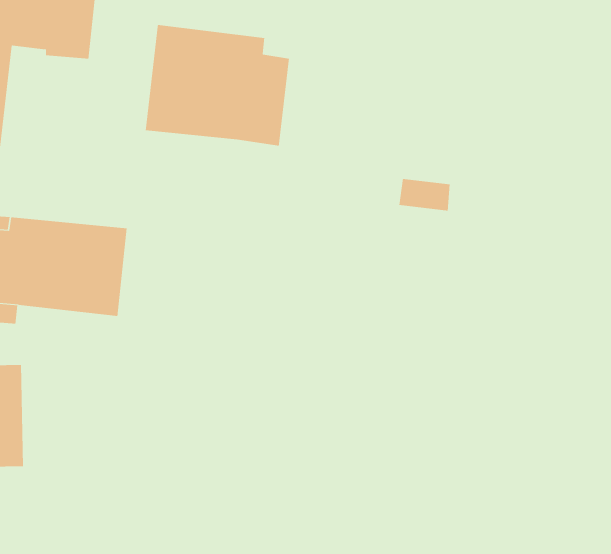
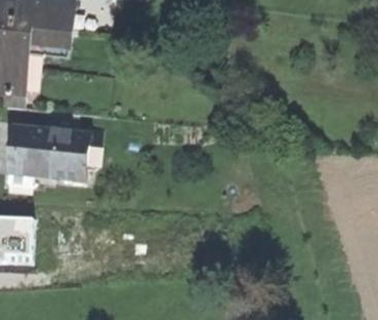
building: [145,24,289,146] -> none

